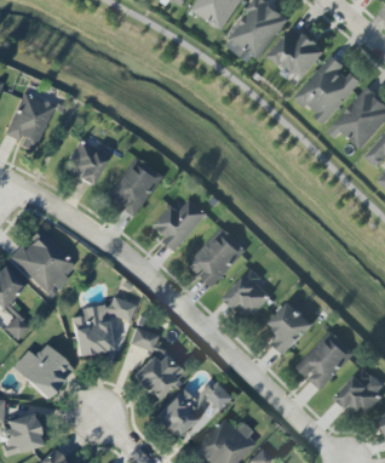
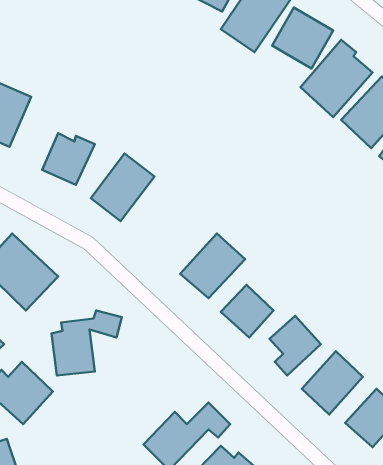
building: [153,199,208,248] -> none
building: [131,326,184,401] -> none

